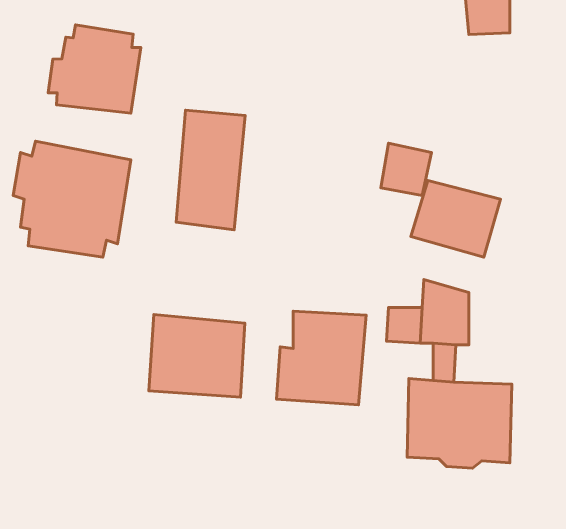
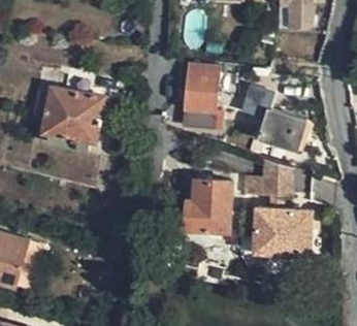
building: [48,25,141,113] -> none
building: [176,110,245,230] -> [182,64,220,130]
building: [149,314,245,397] -> none

